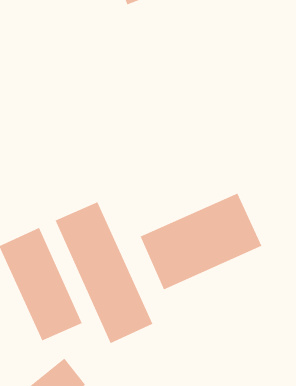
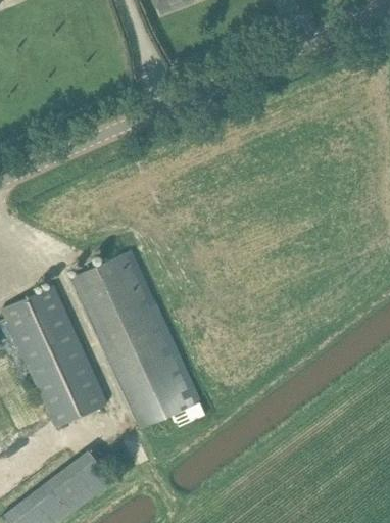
building: [139,193,262,291] -> none

